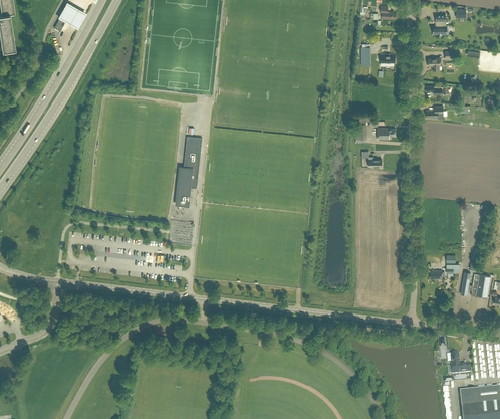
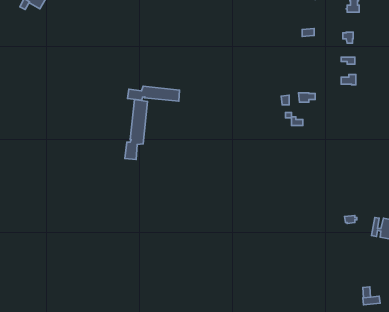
building: none -> [128,86,180,101]

